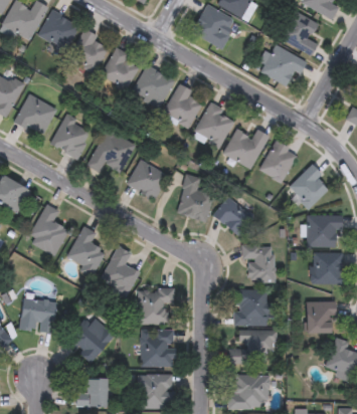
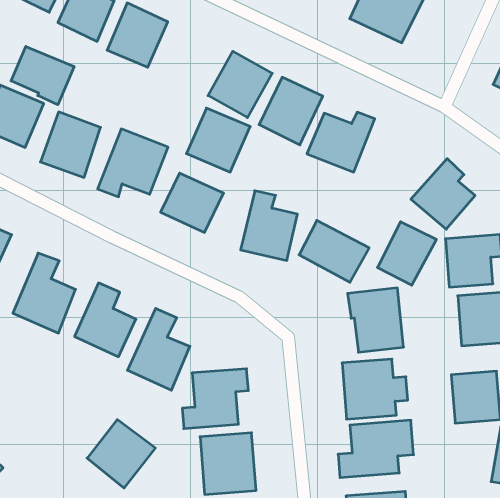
building: [132,65,174,108] -> [186,108,250,172]
building: none -> [11,46,74,105]
building: [259,141,299,182] -> [377,222,436,285]
building: [20,297,56,333] -> none

